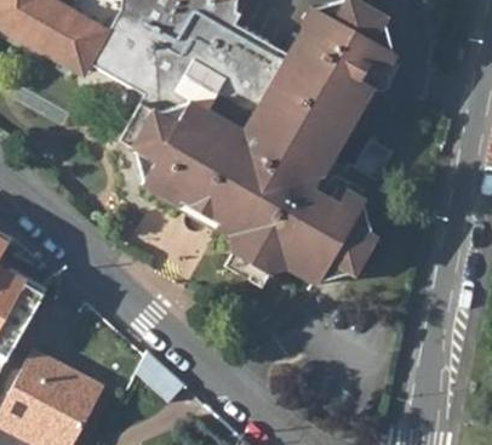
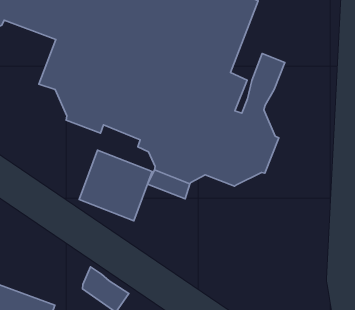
building: none -> [79,150,152,221]

